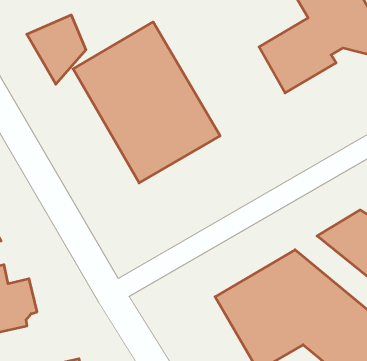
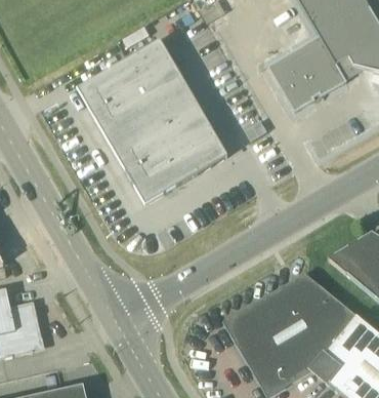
building: [27,15,86,84] -> none

